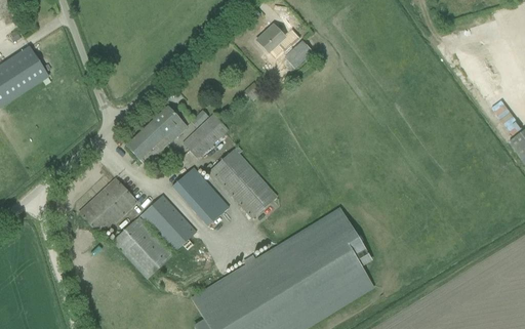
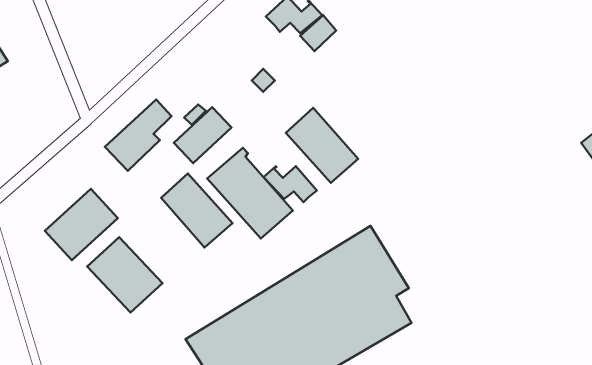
building: none -> [286,108,358,183]
building: none -> [263,166,317,202]
building: [140,196,197,252] -> none

